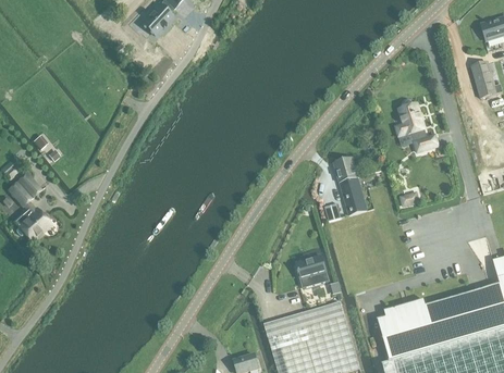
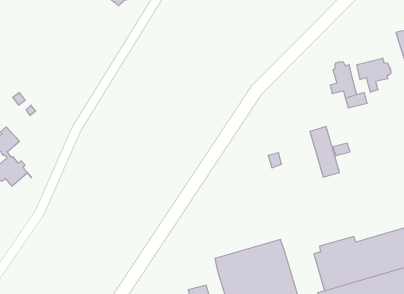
building: none -> [357,58,391,92]
building: [334,158,368,215] -> [310,127,339,177]
building: [296,257,329,288] -> none

